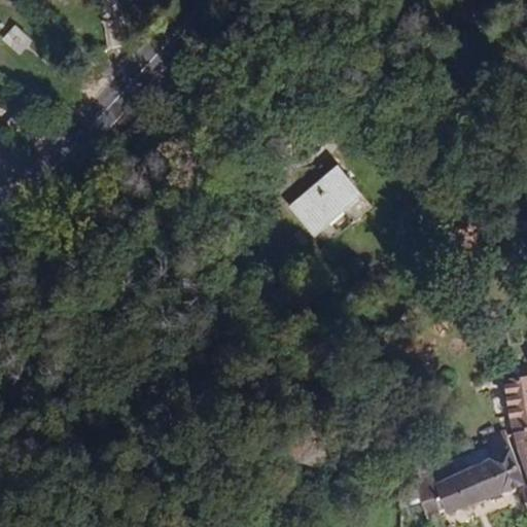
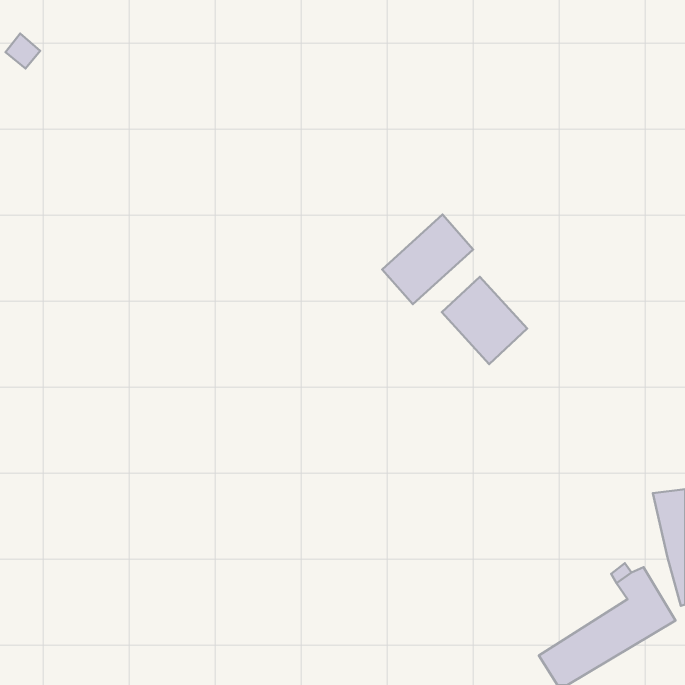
building: none -> [442,277,527,364]

